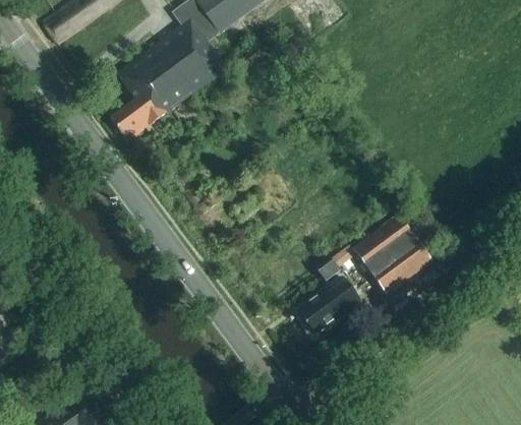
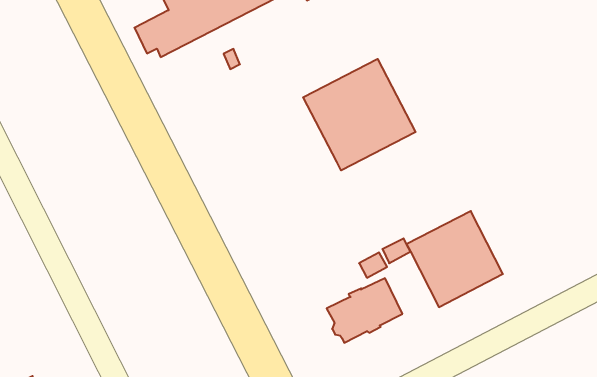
building: none -> [303,59,416,170]

